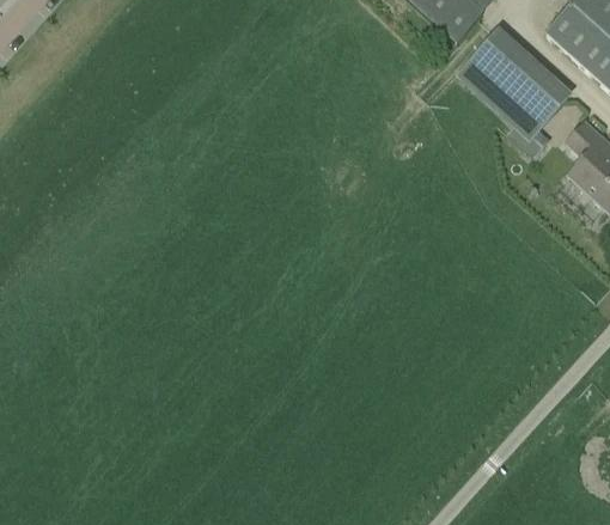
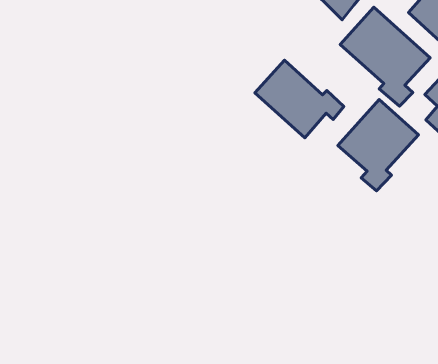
building: none -> [255,60,344,138]
building: none -> [338,99,418,191]

